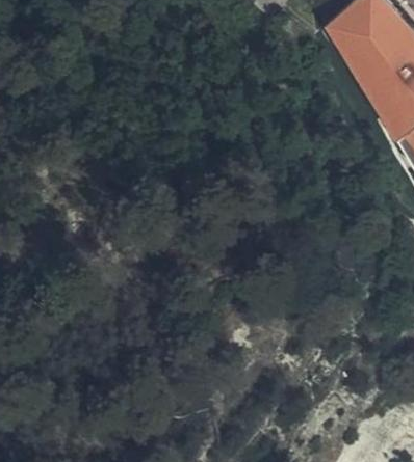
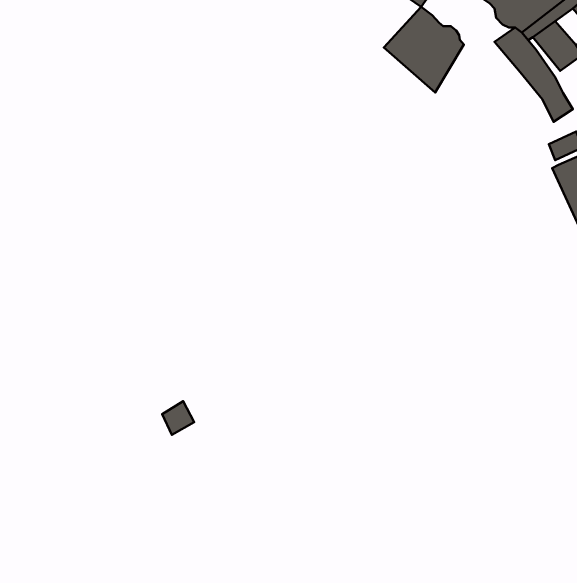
building: none -> [384,7,464,93]

